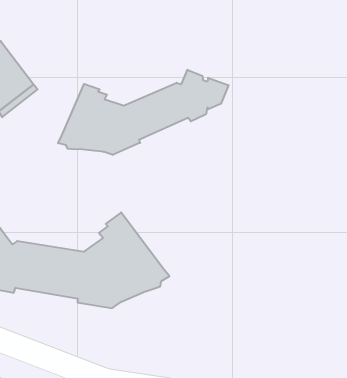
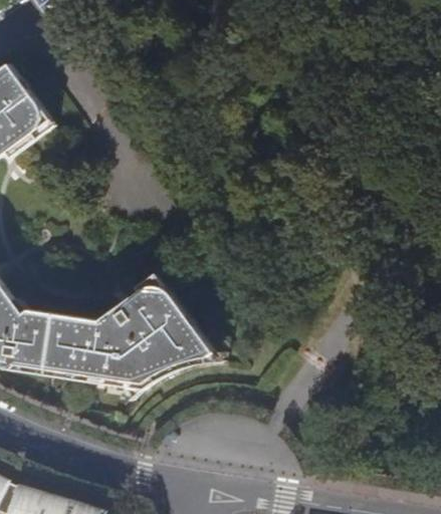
building: [58,70,228,155] -> none

